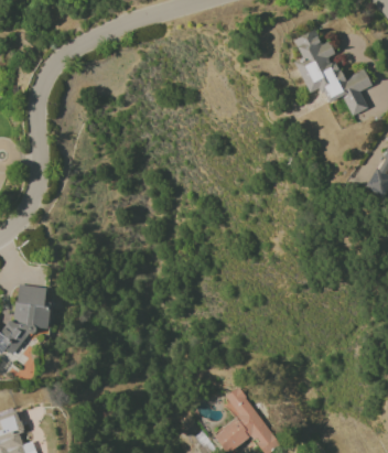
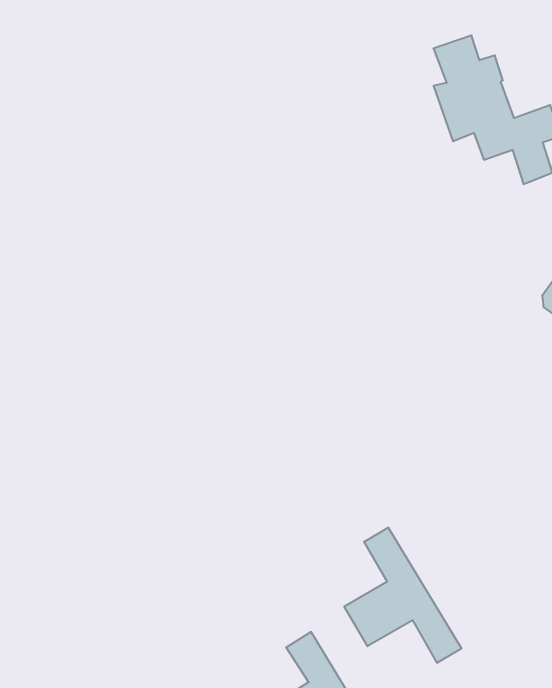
building: none -> [344,527,461,663]

